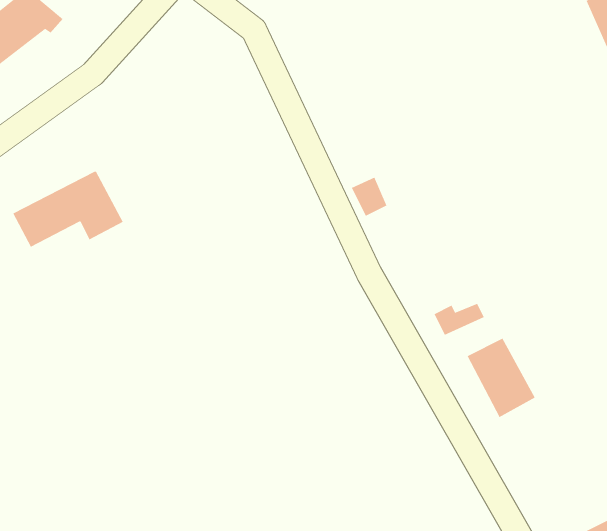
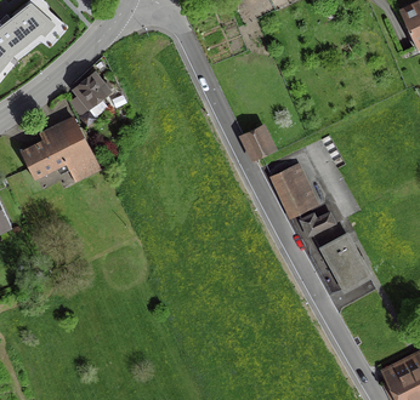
building: none -> [74,74,110,114]
building: none -> [271,164,316,218]

